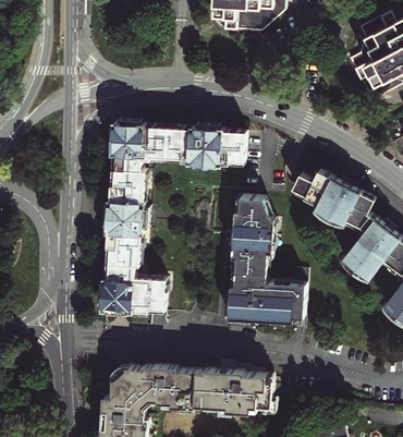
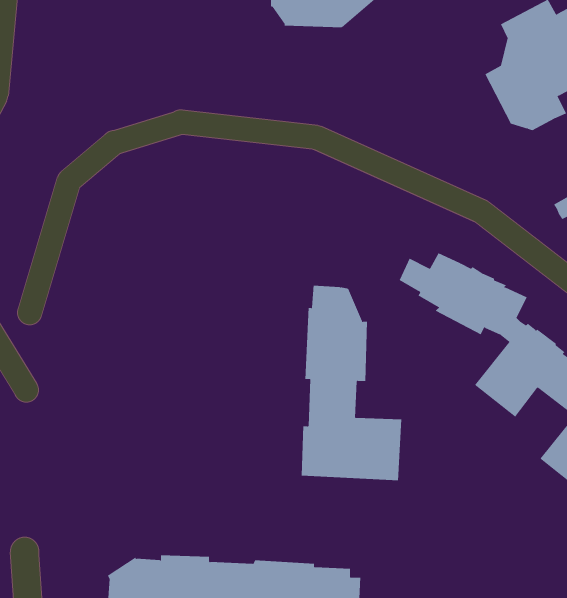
building: [98,120,244,315] -> none

